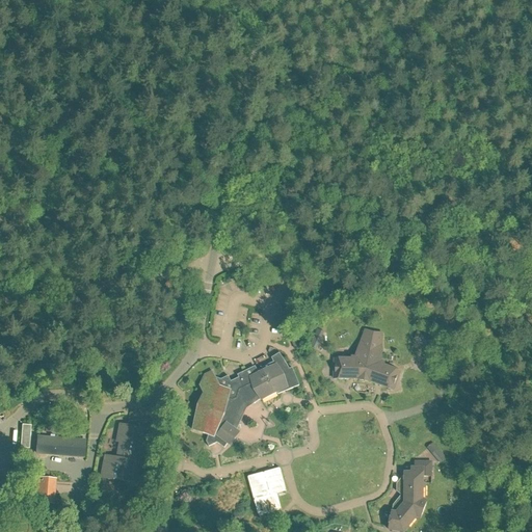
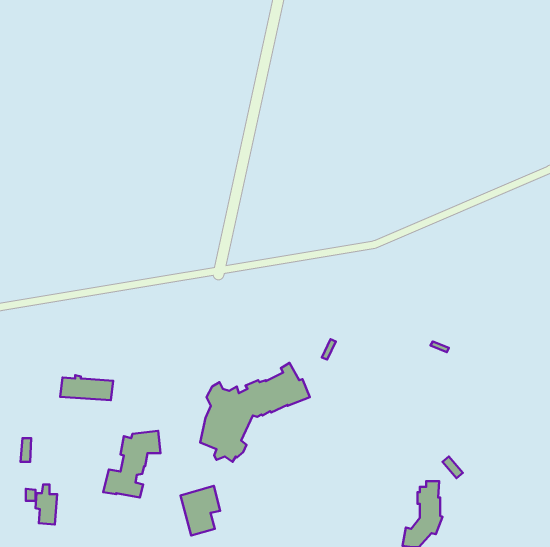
building: [335,327,401,388] -> none
building: [34,432,85,456] -> [60,375,113,400]
building: [247,464,286,512] -> [180,486,220,535]

